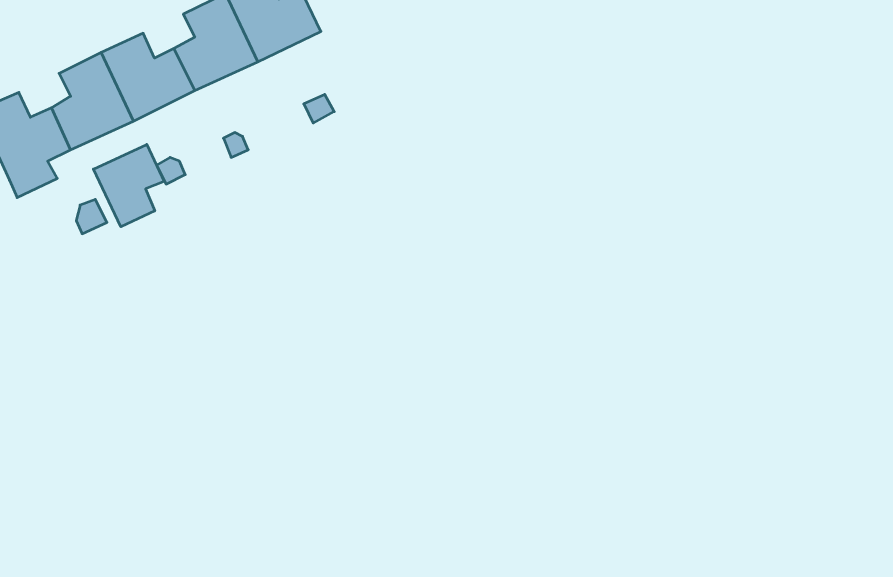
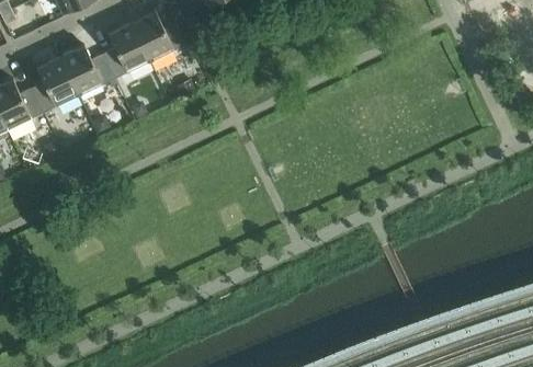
building: [93,144,164,227] -> none

